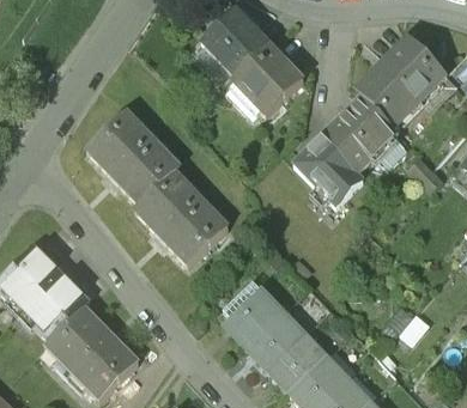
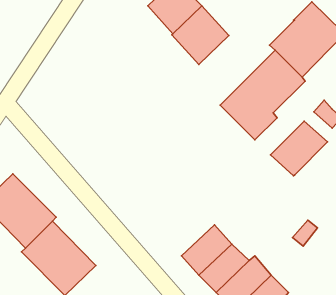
building: [89,112,229,266] -> none
building: none -> [271,121,327,176]
building: [223,285,286,351] -> none

